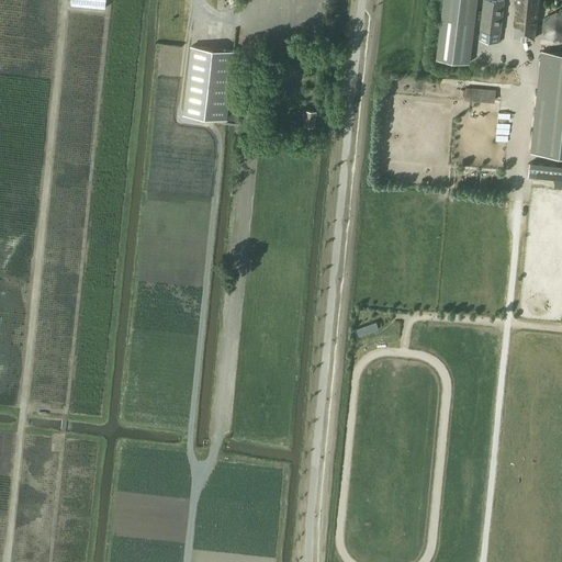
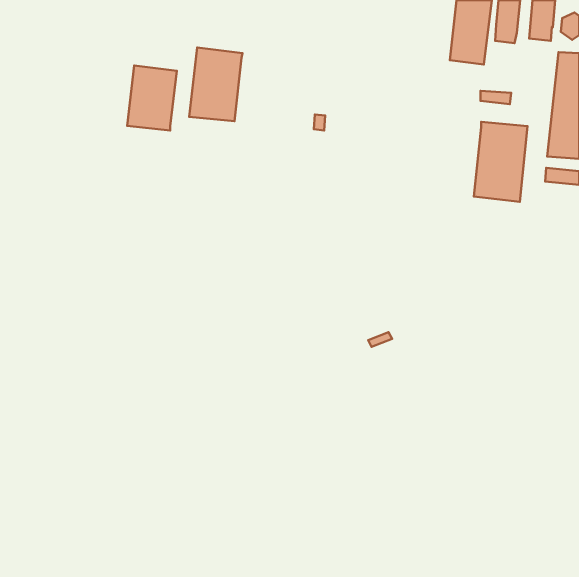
building: none -> [127,65,177,130]
building: none -> [474,122,528,202]

